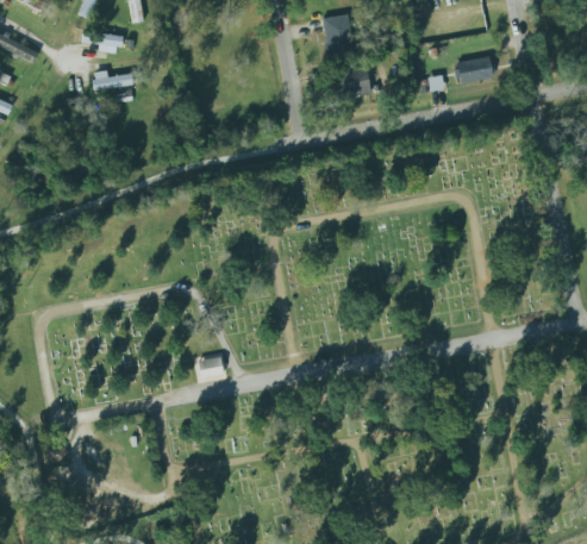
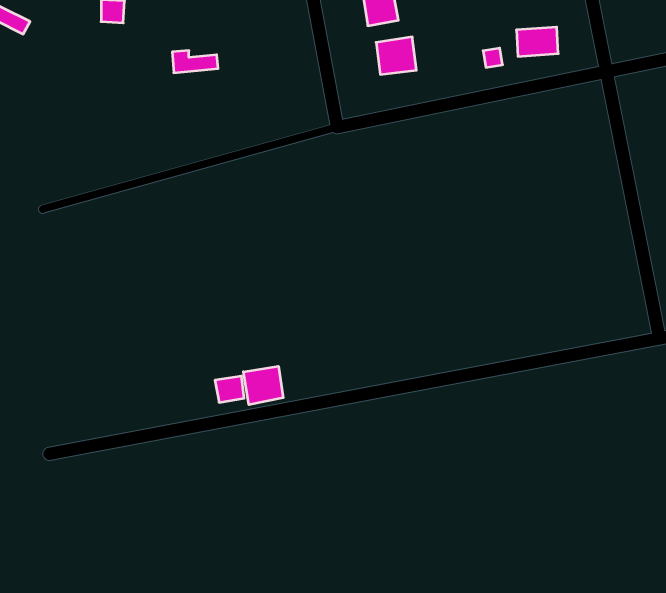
building: [93,70,132,89] -> [172,51,218,73]
building: none -> [243,366,283,405]

